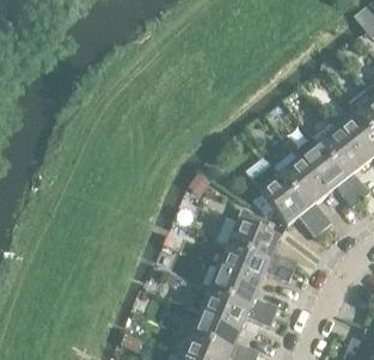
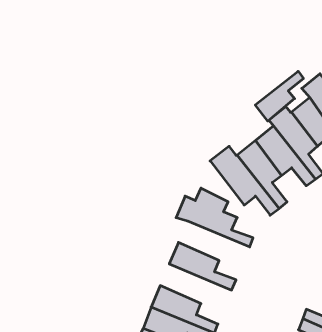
building: none -> [255,71,303,121]
building: [217,240,293,282] -> none
building: [188,281,274,328] -> none

